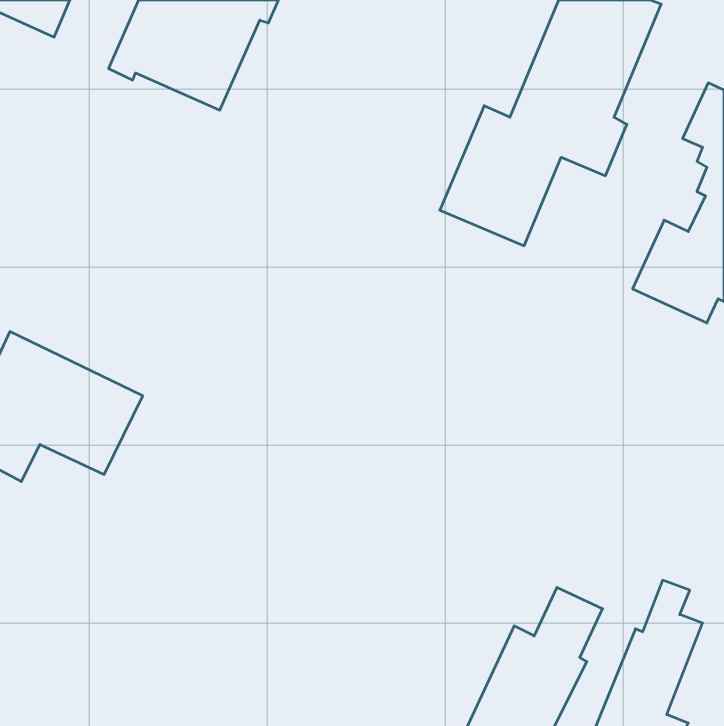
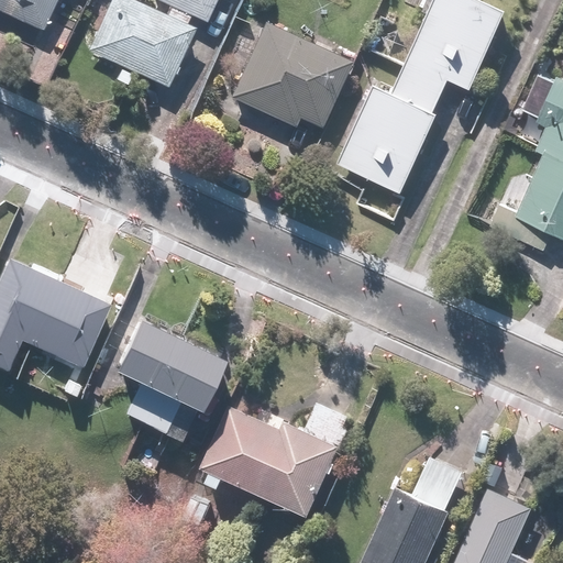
building: none -> [229,22,350,128]
building: none -> [104,317,227,438]
building: none -> [201,404,353,514]

